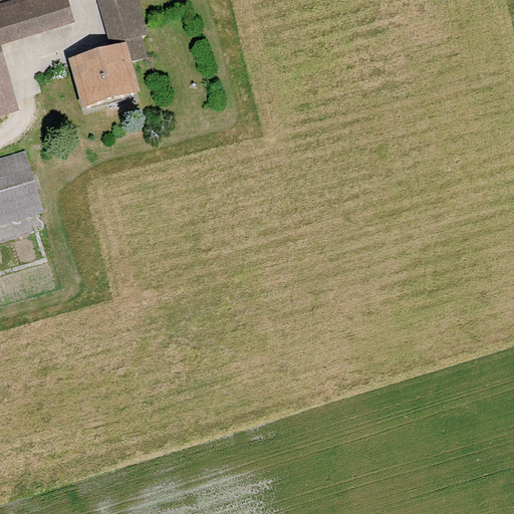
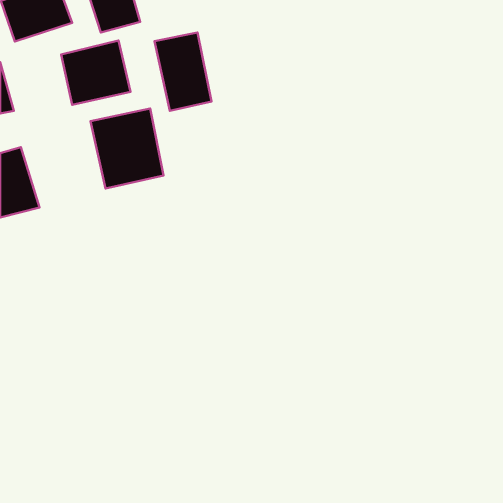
building: none -> [155,32,212,111]
building: none -> [91,109,163,189]

